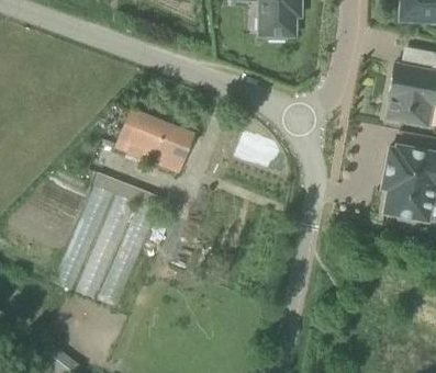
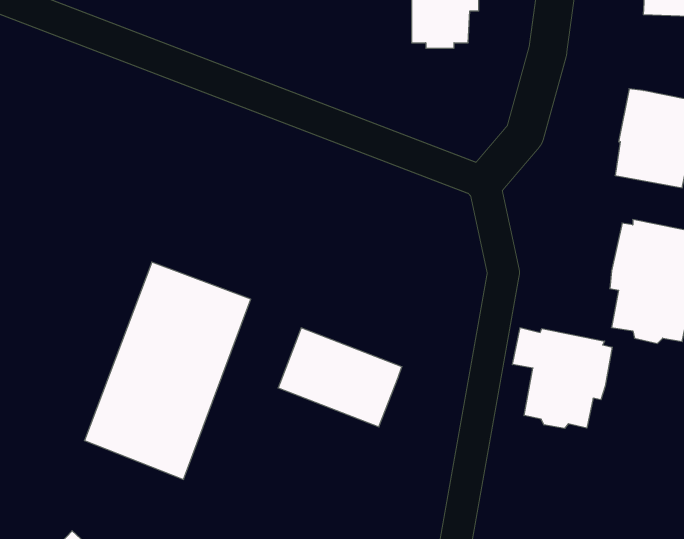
building: [116,110,193,171] -> [278,328,402,427]
building: none -> [512,328,612,428]

